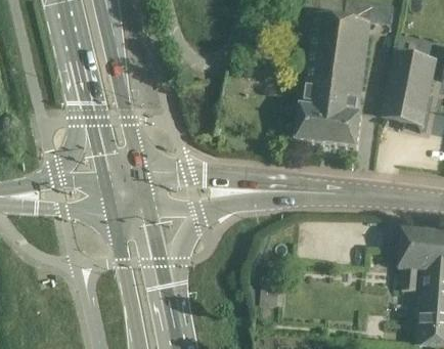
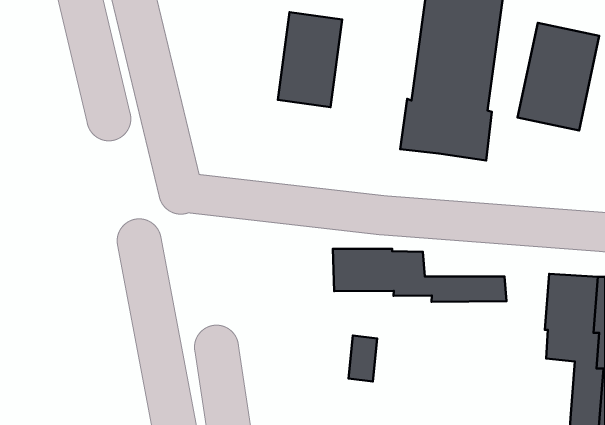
building: none -> [278,12,342,107]
building: none -> [333,249,506,302]

